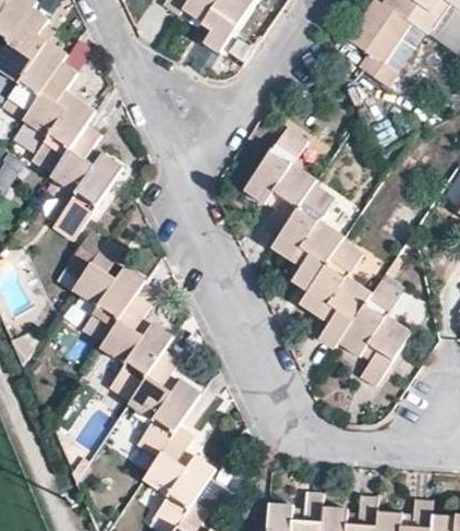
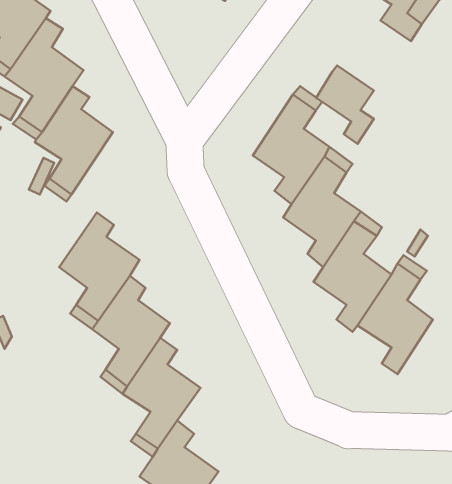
building: none -> [316,65,374,144]

